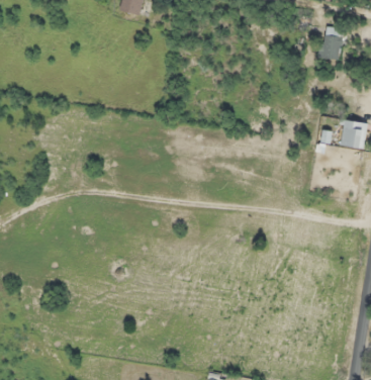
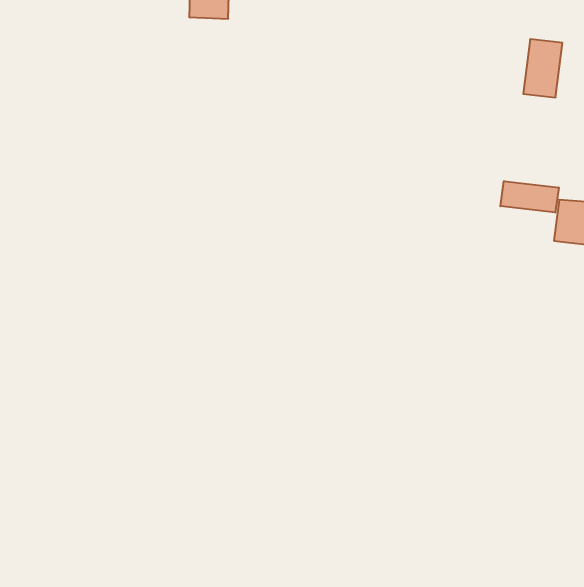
building: none -> [500,181,559,213]

